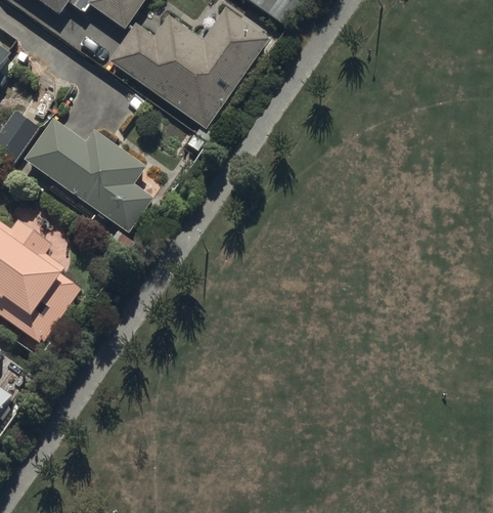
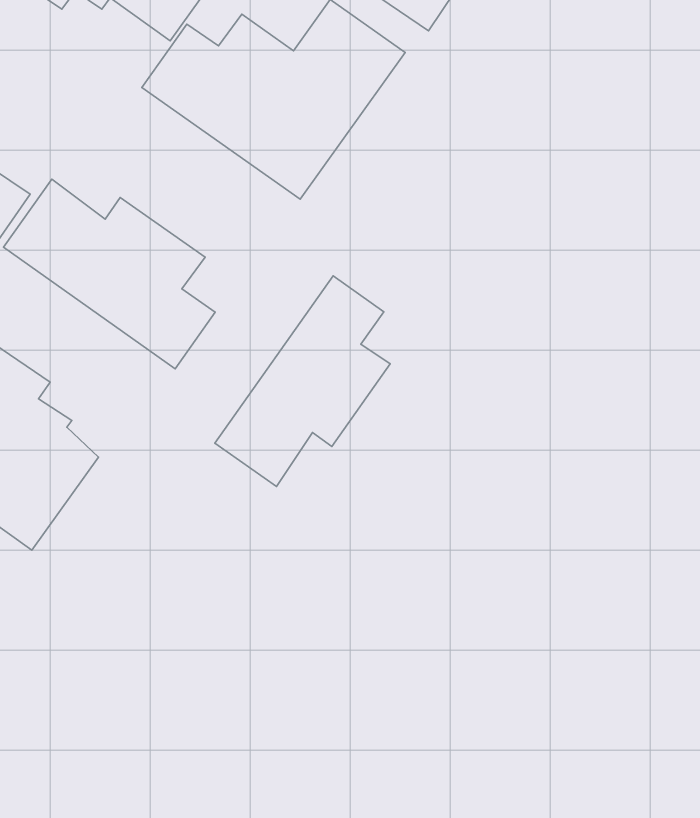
building: none -> [215,276,390,486]

